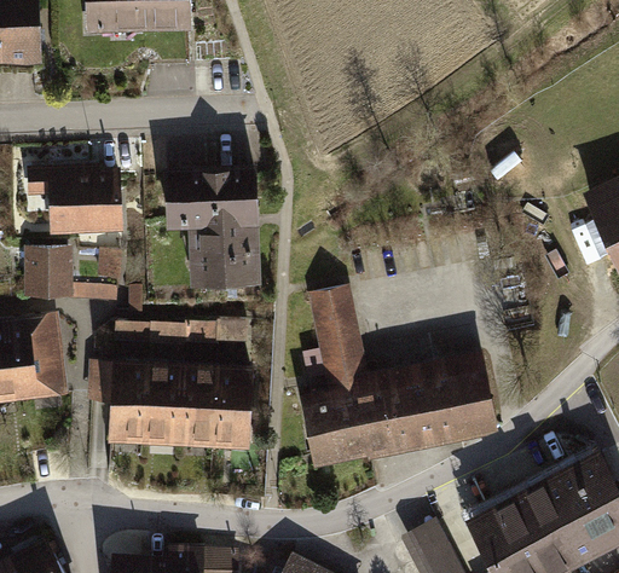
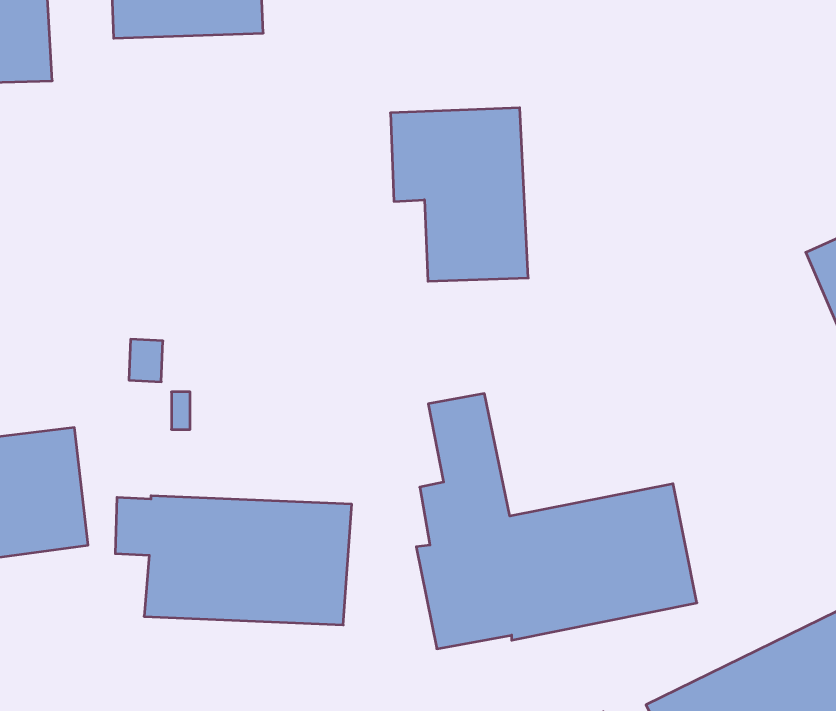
building: [27,166,122,235] -> none
building: [164,166,262,289] -> [390,108,528,281]
building: [23,247,116,301] -> none
building: [114,319,248,345] -> none

